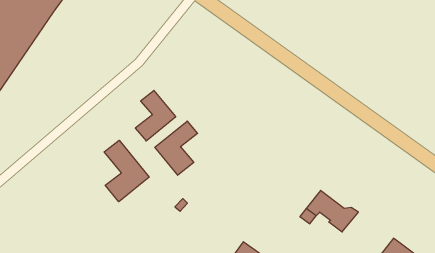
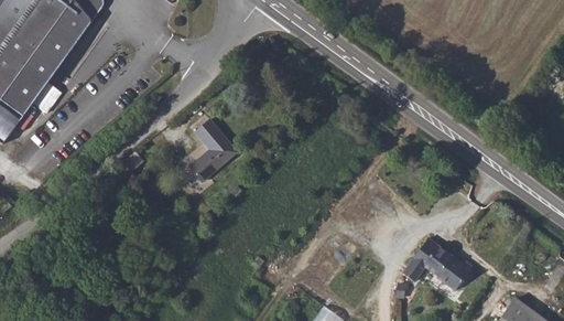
building: [155,121,198,175] -> none
building: [104,140,149,202] -> none

